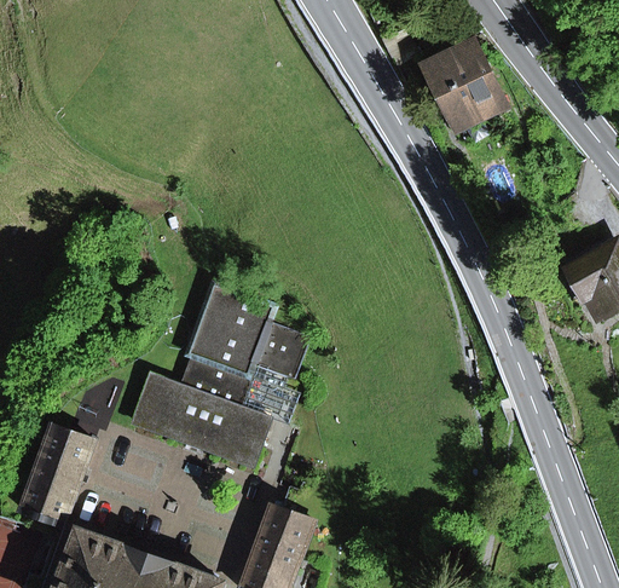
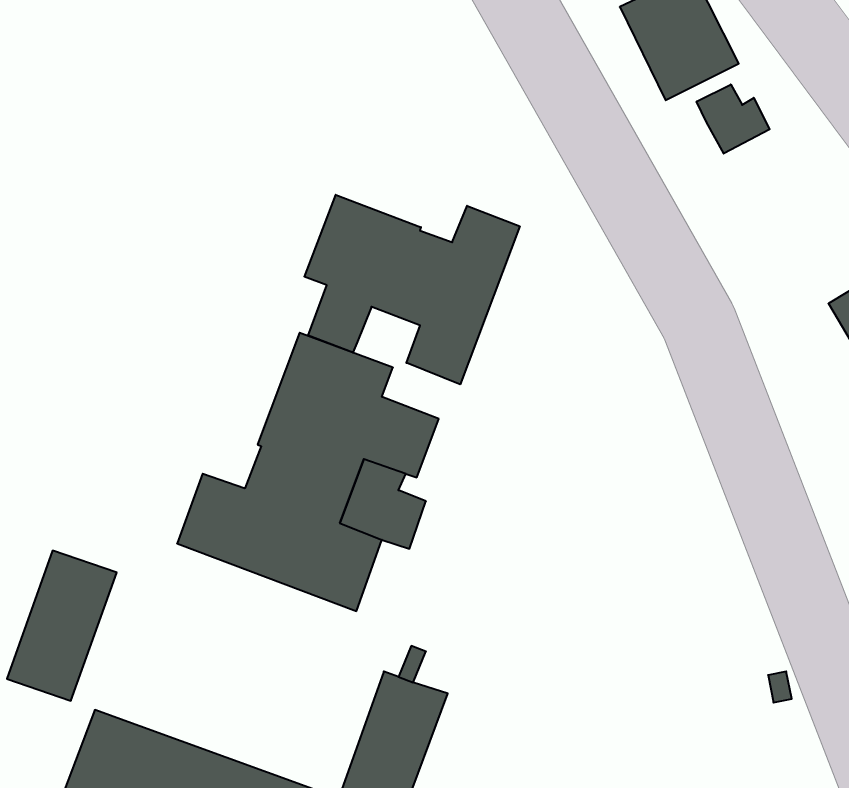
building: none -> [697,84,770,154]
building: none -> [304,195,520,384]

